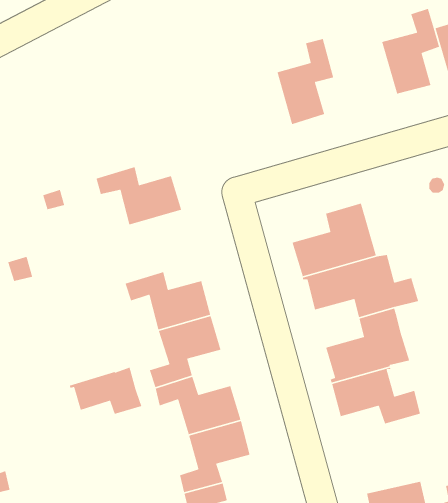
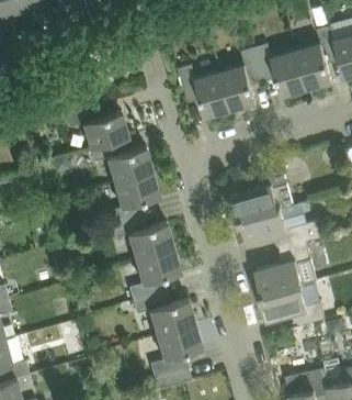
building: none -> [254,44,307,97]
building: none -> [179,66,231,118]
building: none -> [66,107,128,149]
building: none -> [107,173,159,225]
building: [69,367,142,415] -> none

